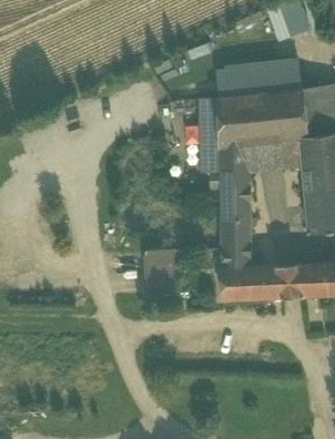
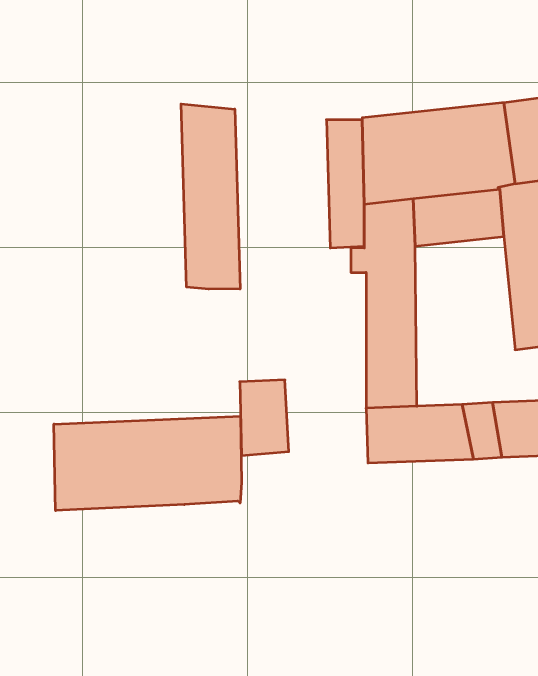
building: [217,62,300,96] -> none
building: none -> [181,104,240,289]
building: none -> [54,416,242,511]

